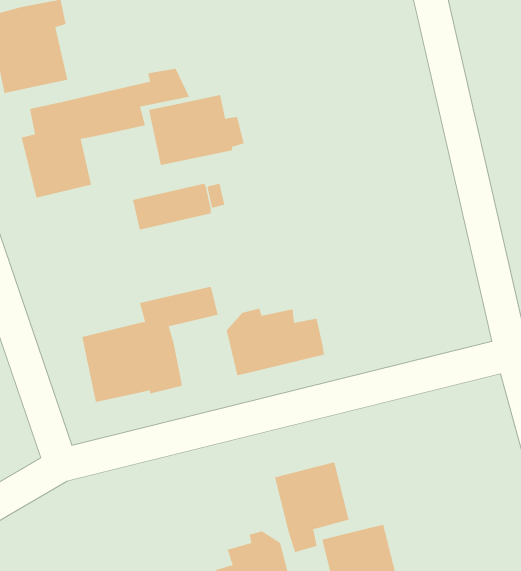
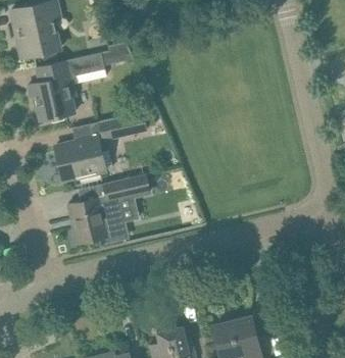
building: [148,95,244,166] -> [54,138,112,181]
building: [226,308,324,376] -> none
building: [275,462,349,553] -> none

